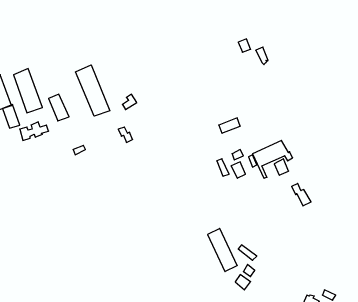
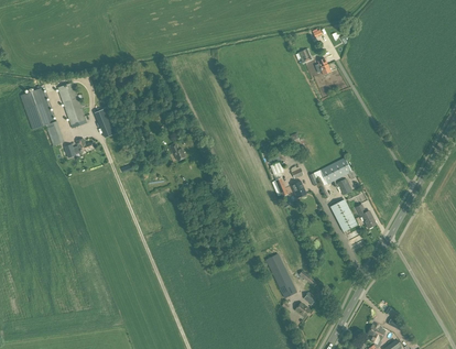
building: [75,65,110,116] -> none
building: none -> [330,198,358,232]

